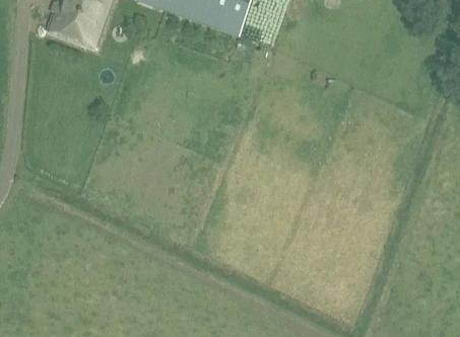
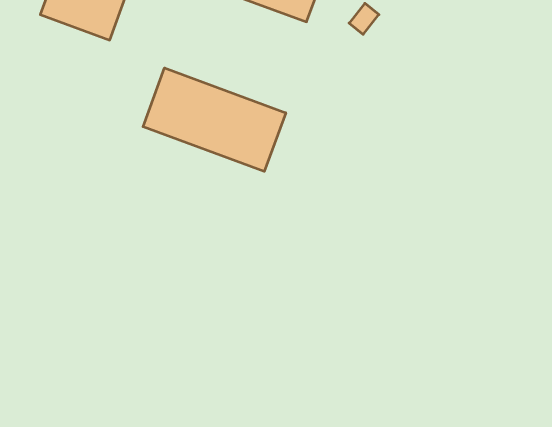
building: none -> [143,68,286,171]

